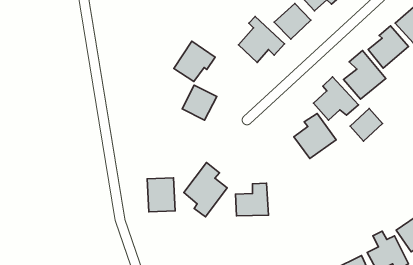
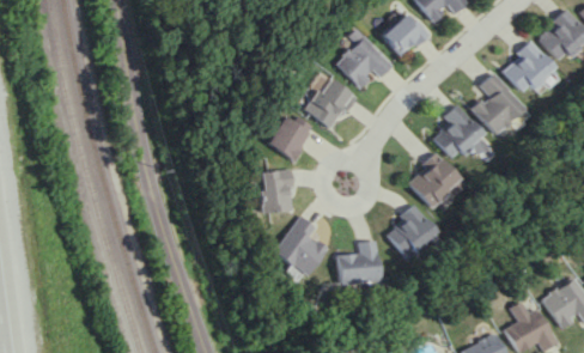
building: [174,41,215,82] -> [308,77,360,128]
building: [350,109,383,141] -> none
building: none -> [383,207,436,255]
building: [147,178,175,212] -> [257,170,293,213]

